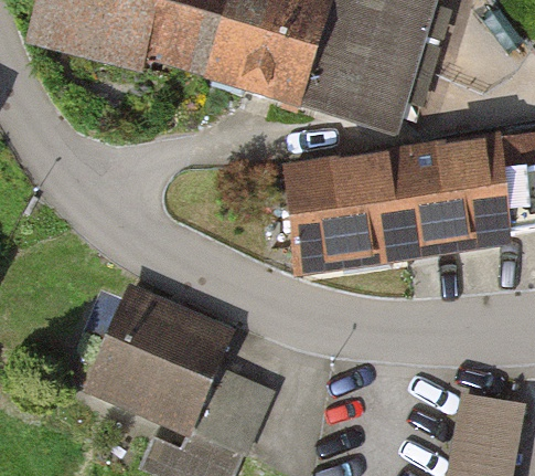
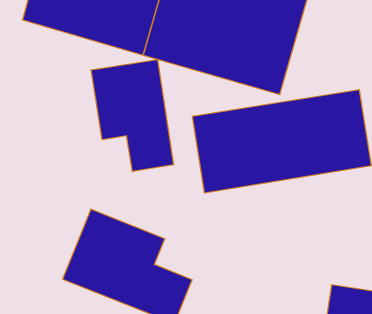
building: none -> [91,59,174,172]

